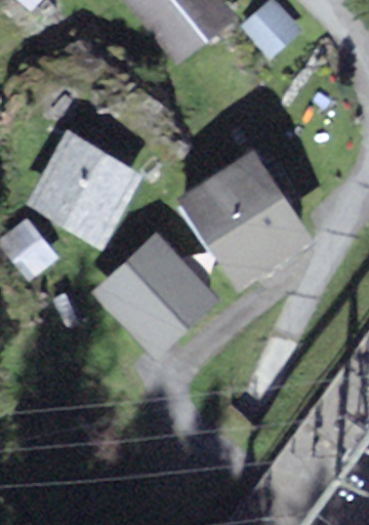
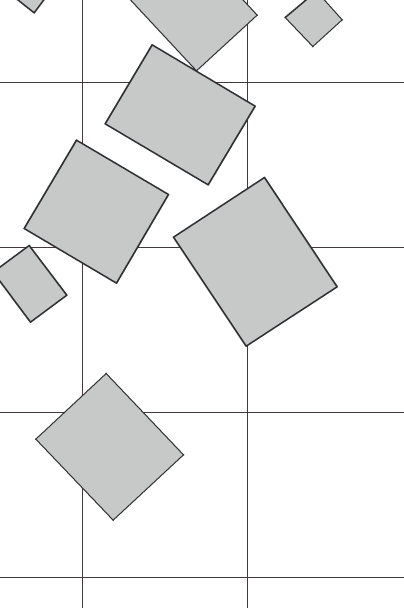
building: none -> [105,45,255,185]
building: [90,232,215,356] -> [36,373,184,520]

